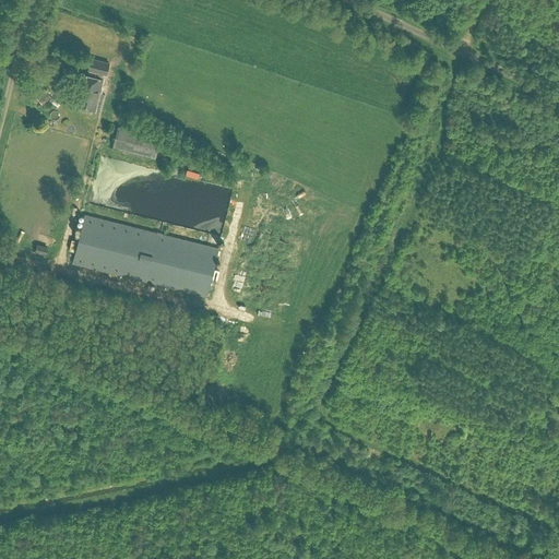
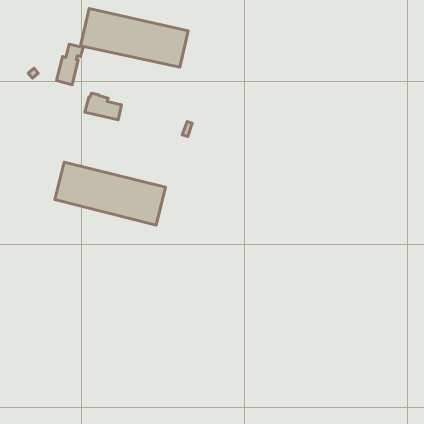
building: none -> [81,9,188,67]

